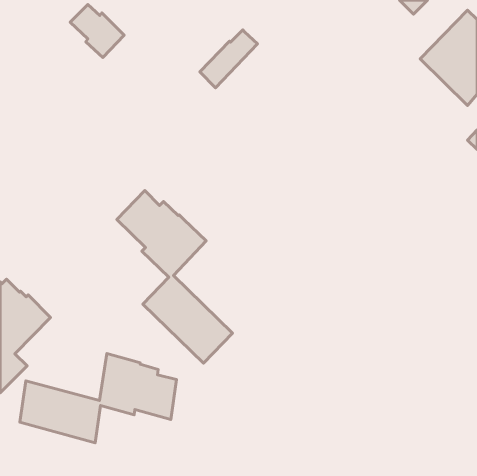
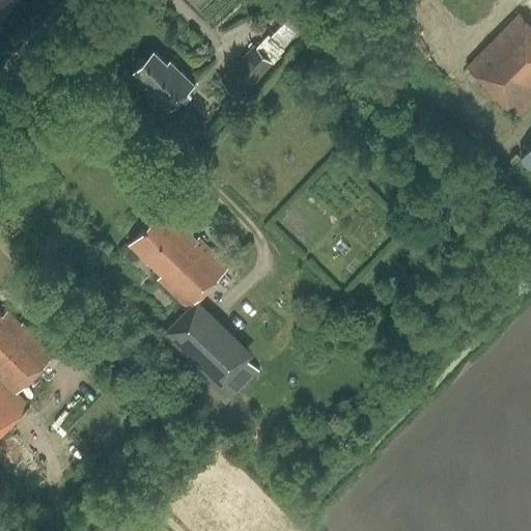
building: [70,4,124,58] -> [135,52,195,111]
building: [20,353,177,443] -> none

